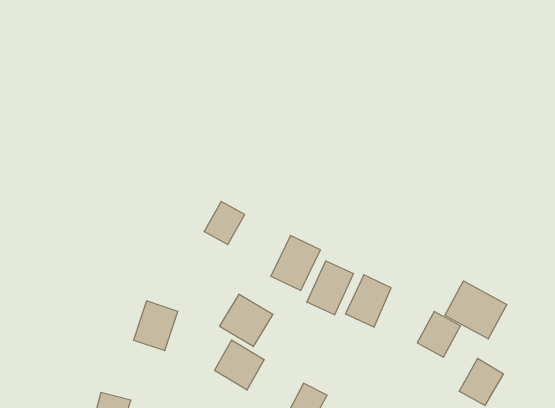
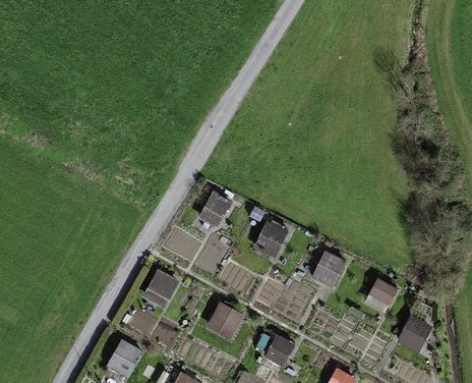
building: [307,261,353,315] -> none
building: [445,281,507,339] -> none
building: [220,294,273,347] -> none

